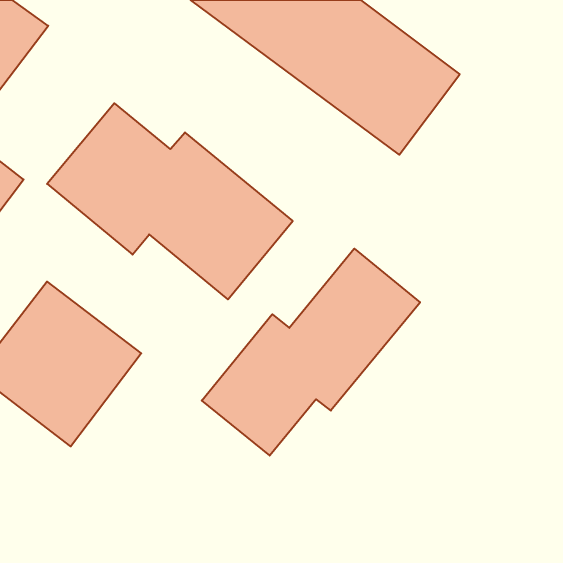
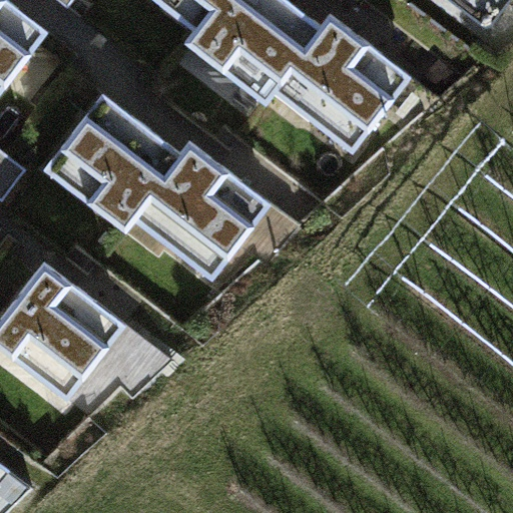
building: [202,249,420,456] -> none

